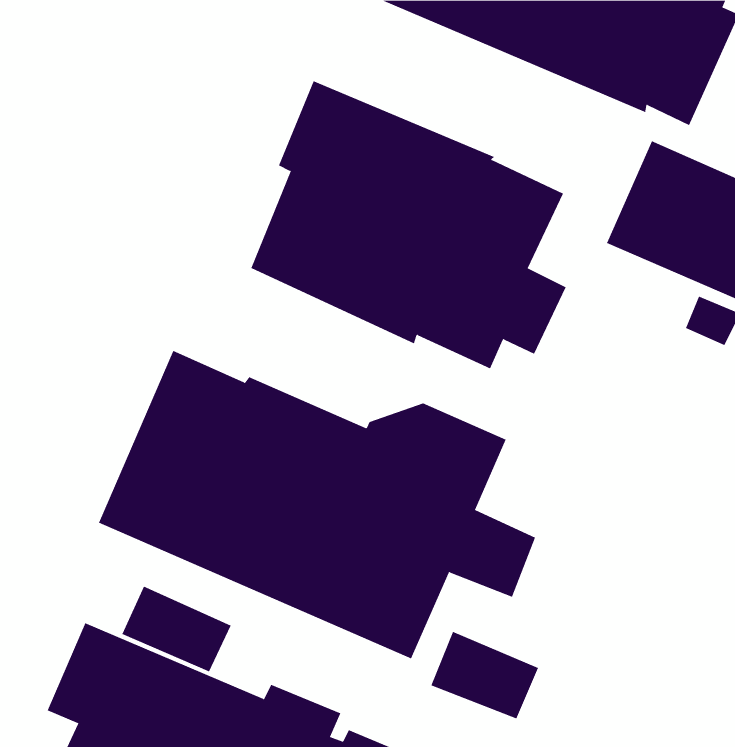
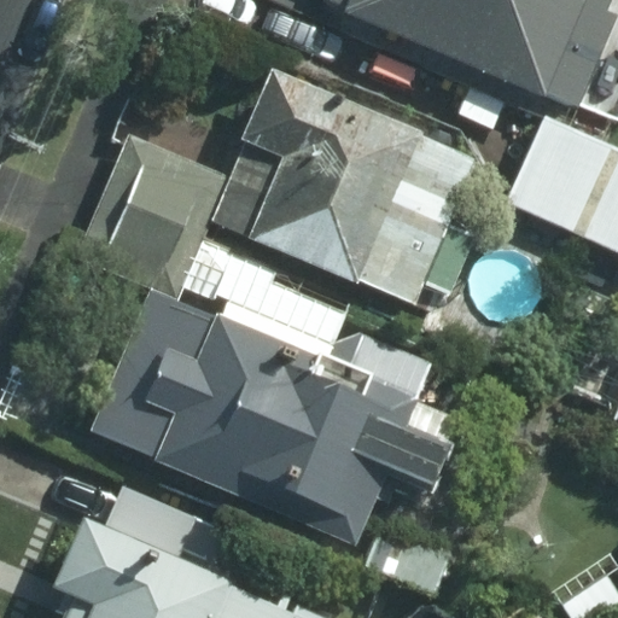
building: none -> [80,134,228,296]

